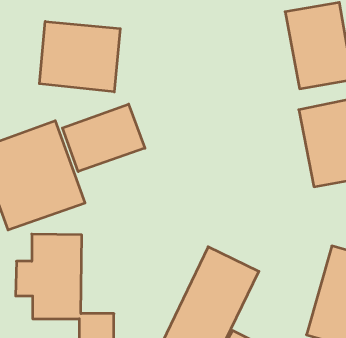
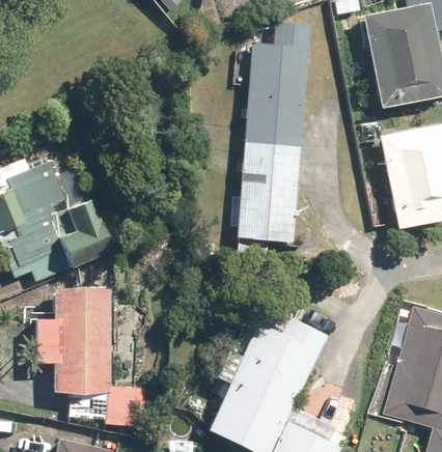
building: none -> [236,21,312,246]
building: [39,21,120,92] -> none
building: [62,104,145,172] -> none

